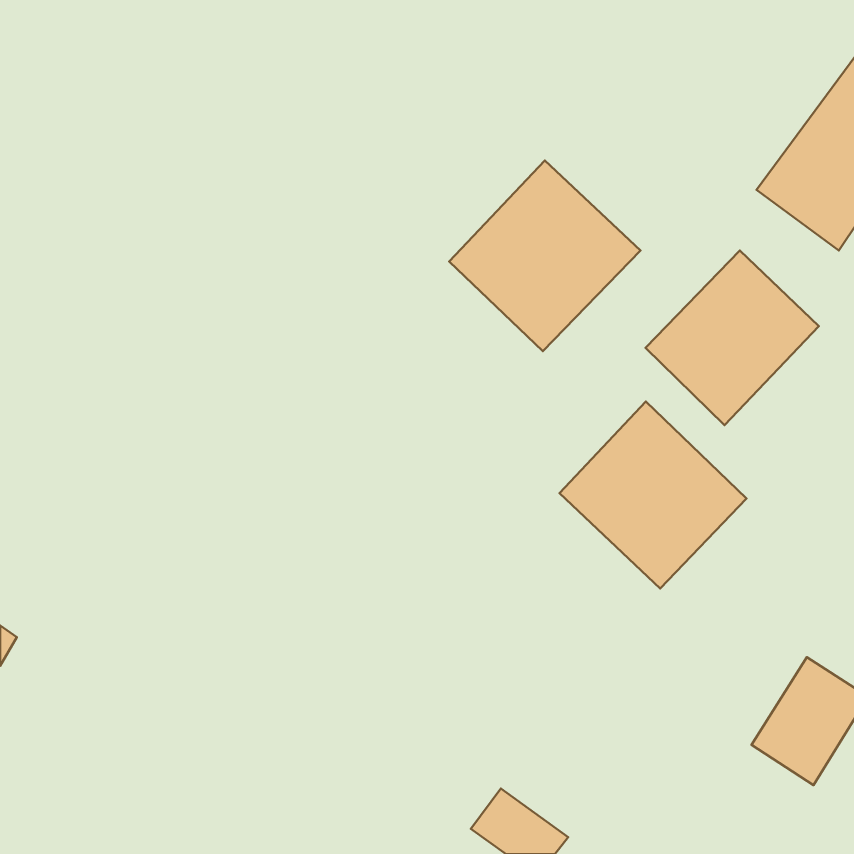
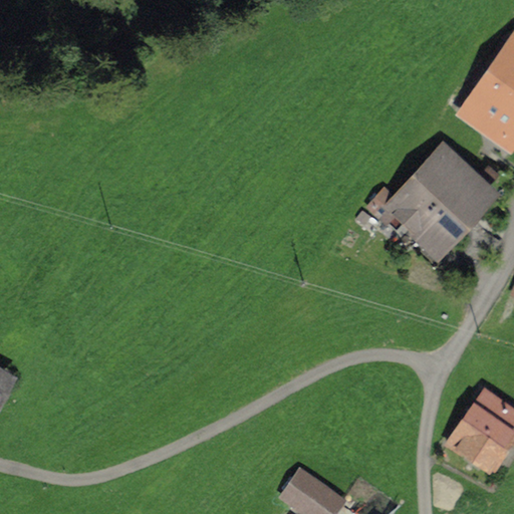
building: [449,161,640,351] -> none
building: [560,401,746,589] -> none

